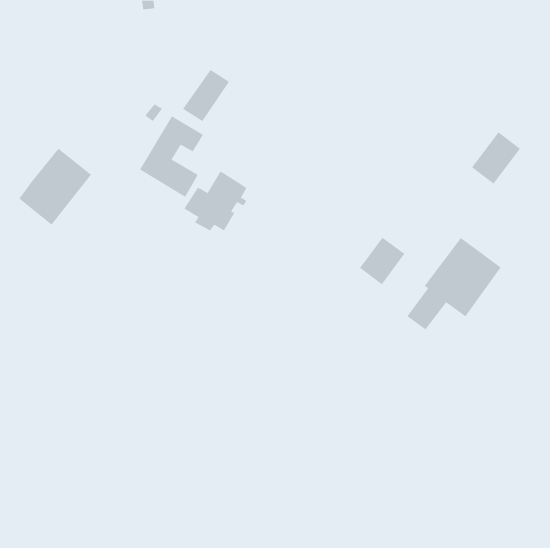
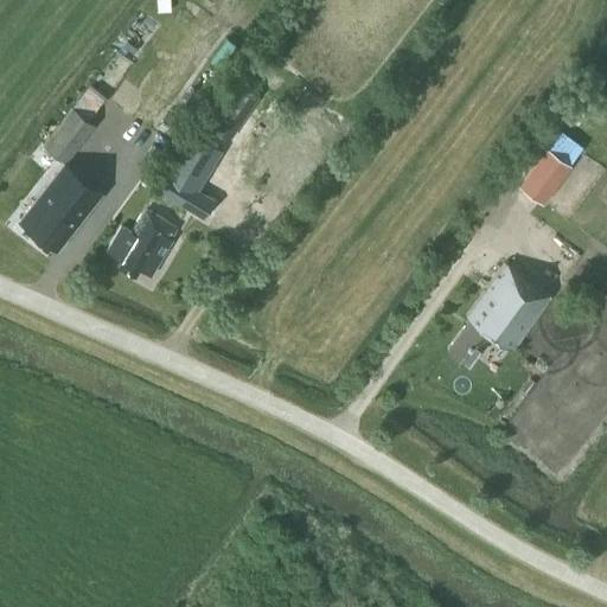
building: none -> [46,108,96,165]
building: [184,171,247,231] -> [108,211,178,277]
building: [359,237,405,285] -> none

